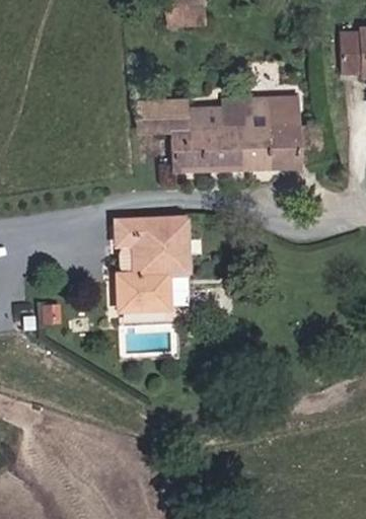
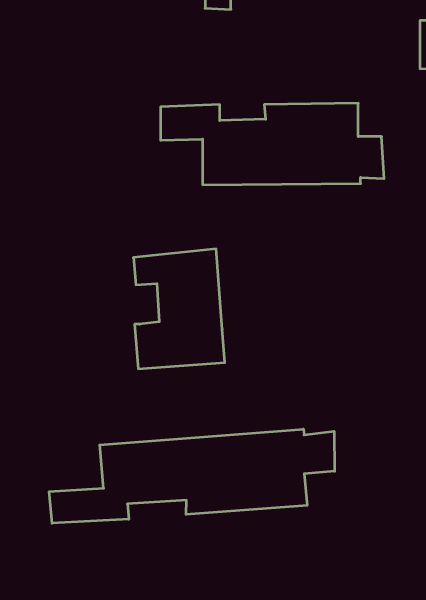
building: none -> [49,429,335,523]

